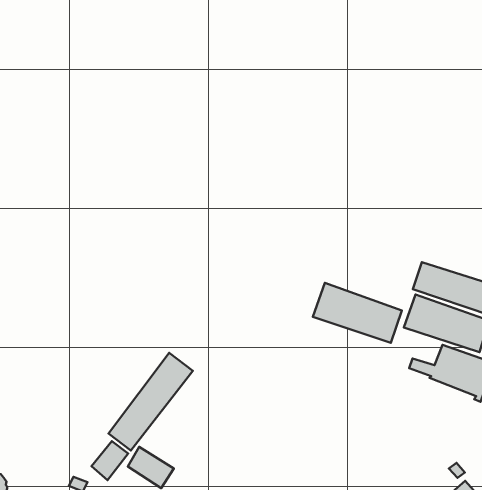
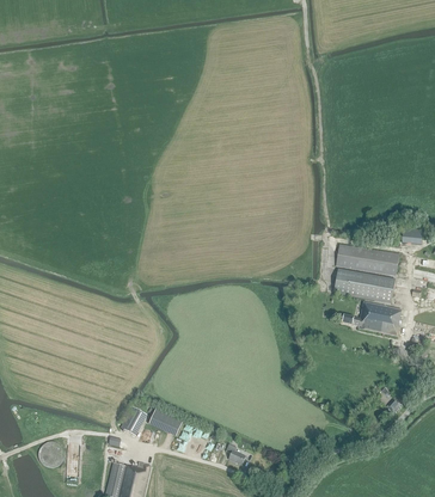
building: [313,283,402,343] -> none
building: [108,353,193,451] -> none

